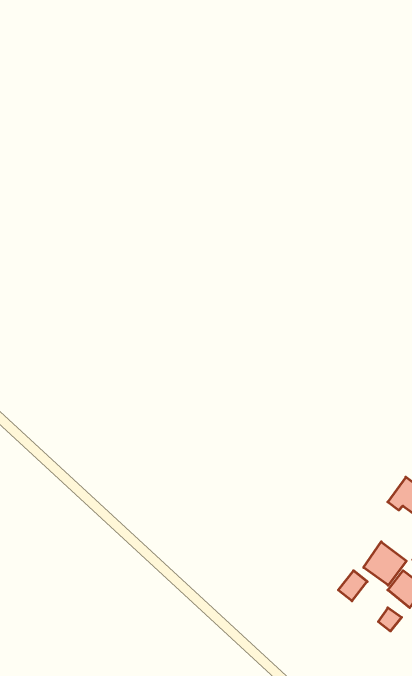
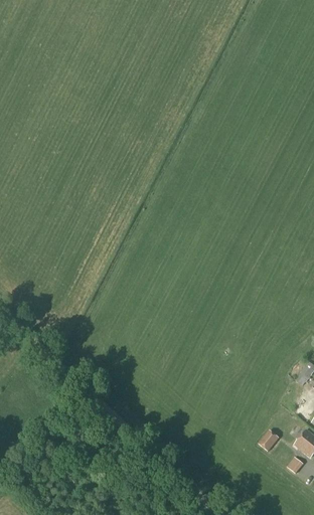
building: [364,542,406,585] -> none

